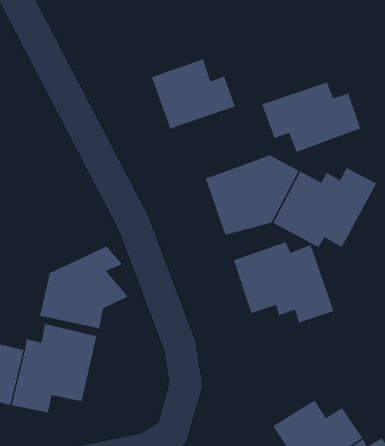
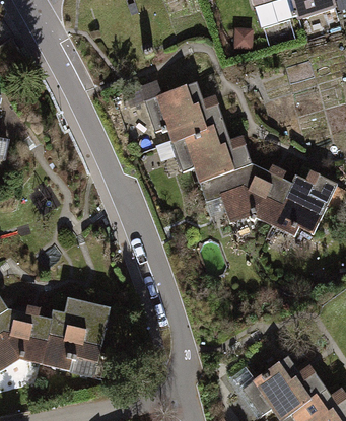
building: [261,81,361,153] -> [169,122,251,180]
building: [233,241,334,323] -> none
building: [39,245,129,329] -> none

